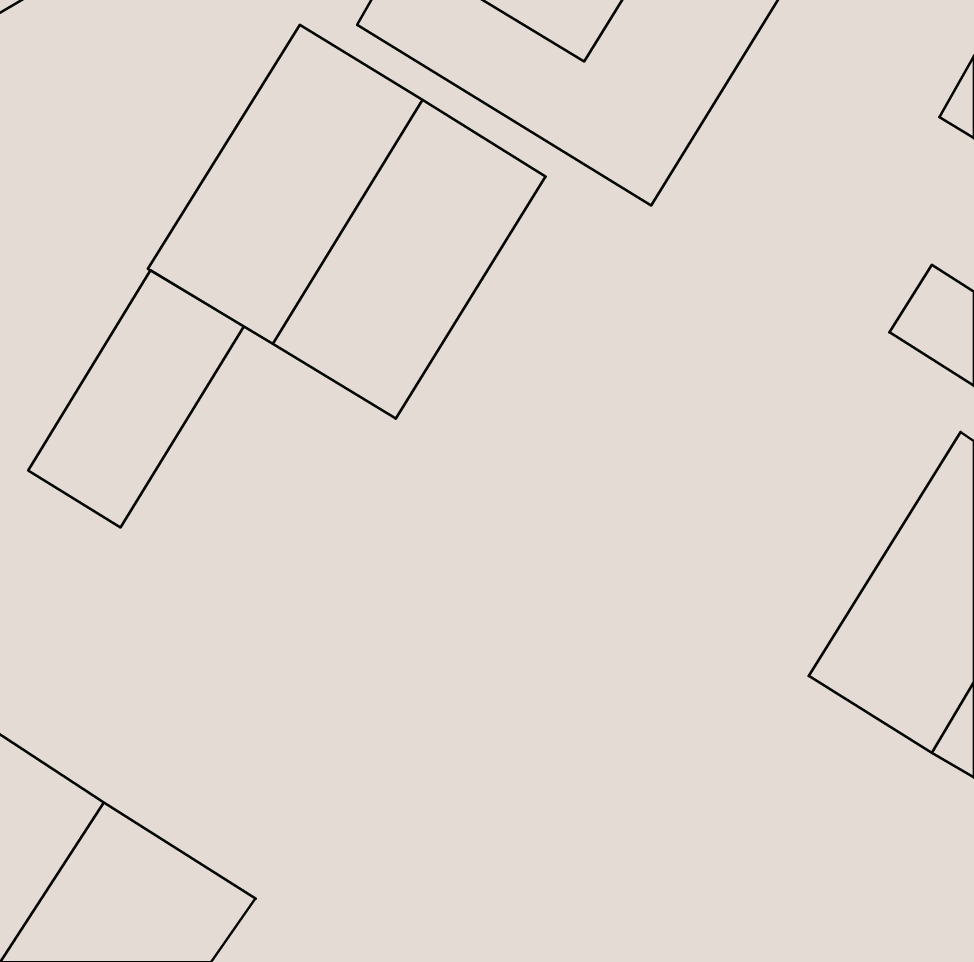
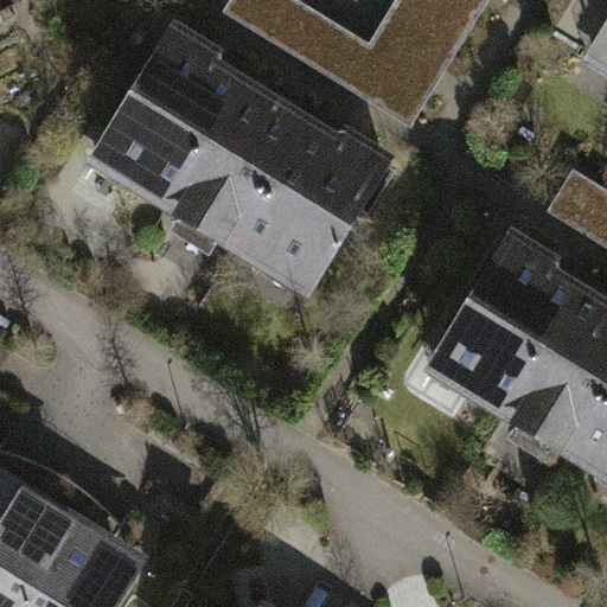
building: none -> [244,109,413,306]
building: [28,270,244,527] -> none
building: none -> [423,221,593,417]

